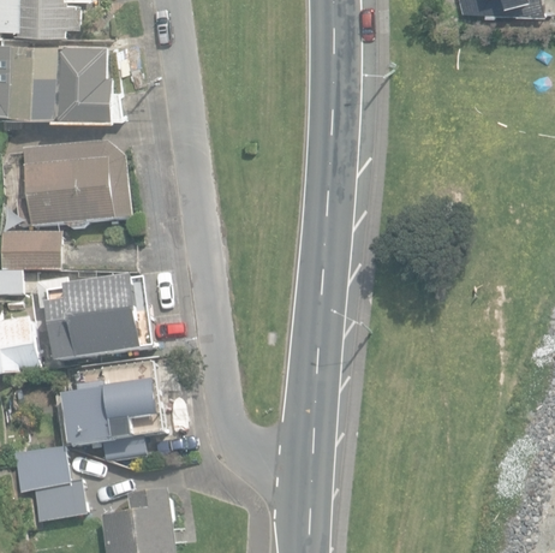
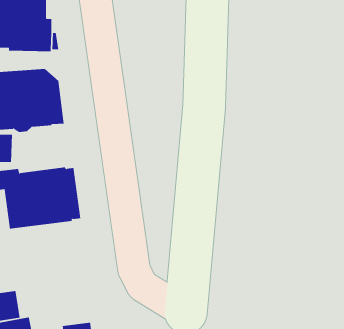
building: [62,364,160,460] -> none

